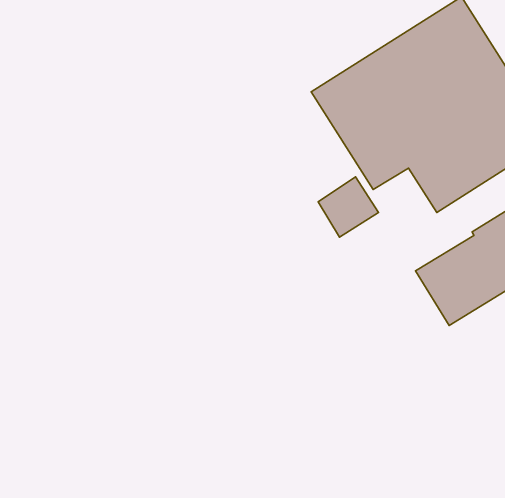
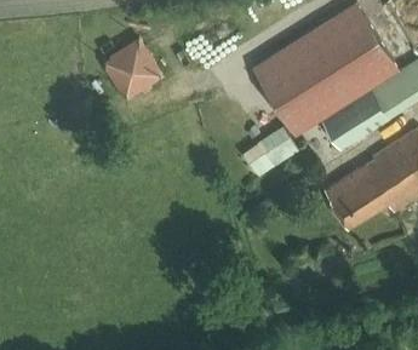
building: none -> [105,36,170,102]

